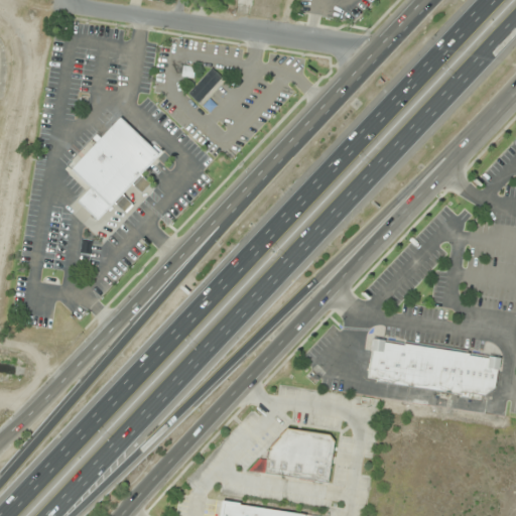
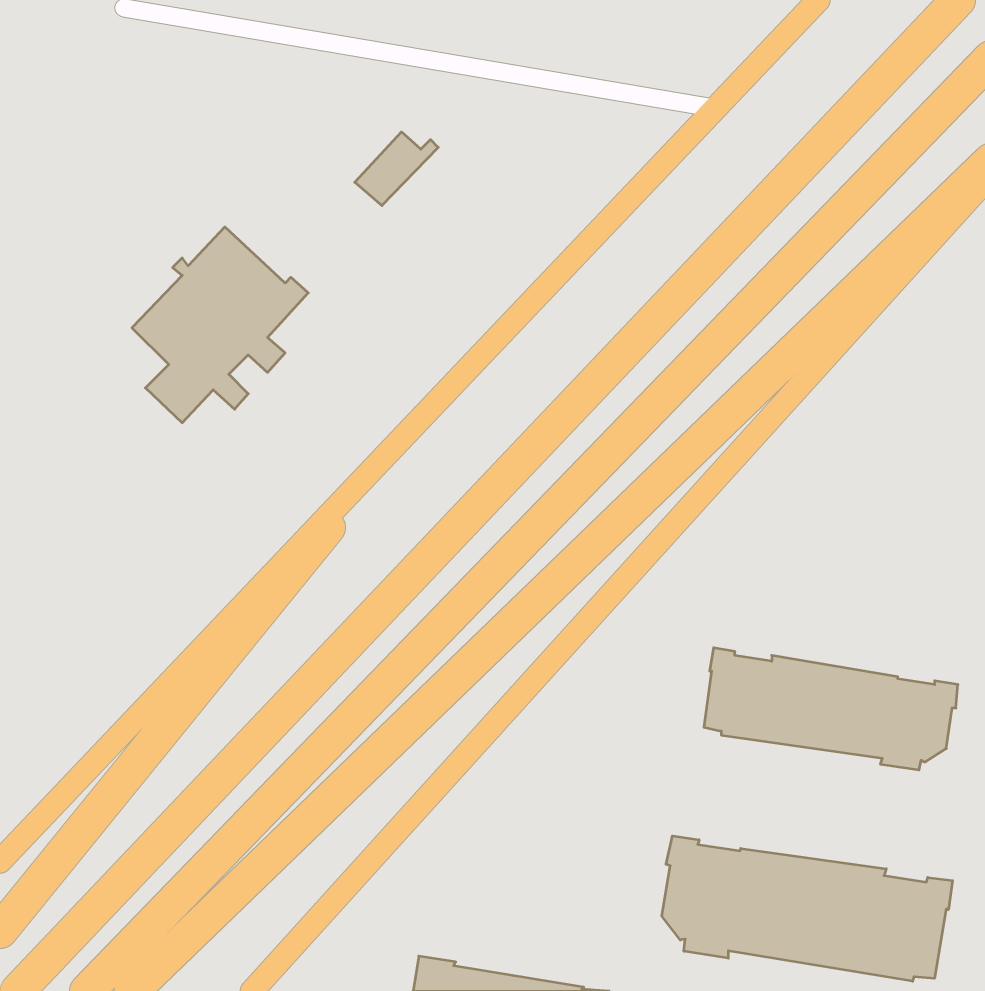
building: [249,425,336,483] -> none
building: none -> [662,836,953,981]

